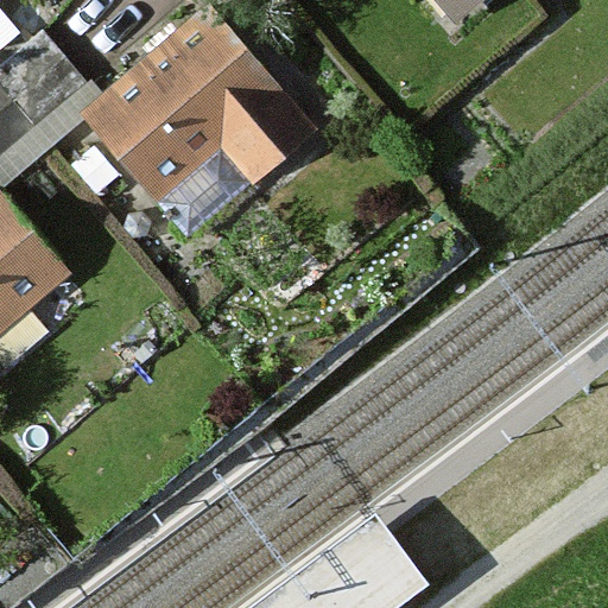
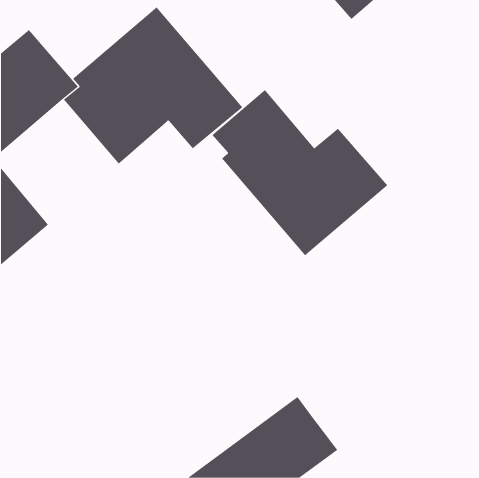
building: none -> [212,89,388,256]

